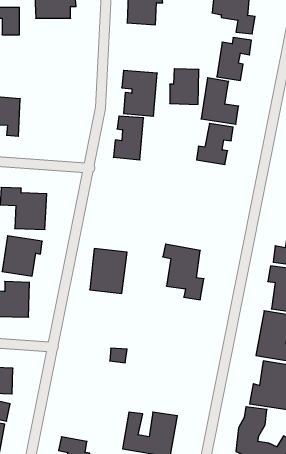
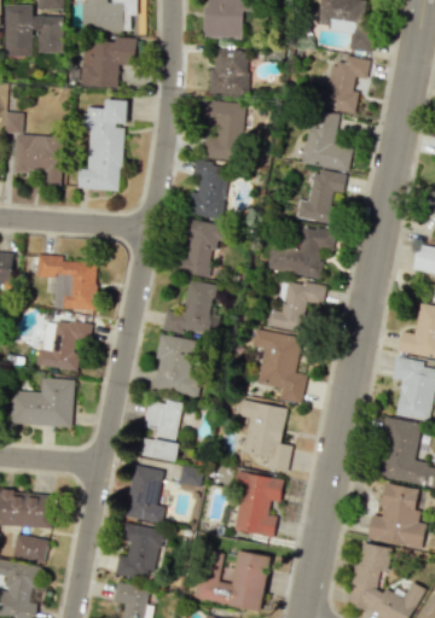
building: none -> [81,36,135,87]
building: [170,69,199,104] -> [208,47,246,94]
building: none -> [76,99,127,191]
building: none -> [178,217,220,278]
building: none -> [266,226,335,278]
building: none -> [265,279,324,331]
building: none -> [162,280,215,337]
building: none -> [141,398,182,460]
building: none -> [238,400,292,471]
building: none -> [127,465,166,521]
building: none -> [233,472,284,536]
building: none -> [116,523,163,578]

